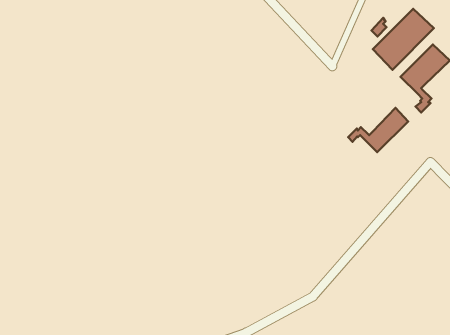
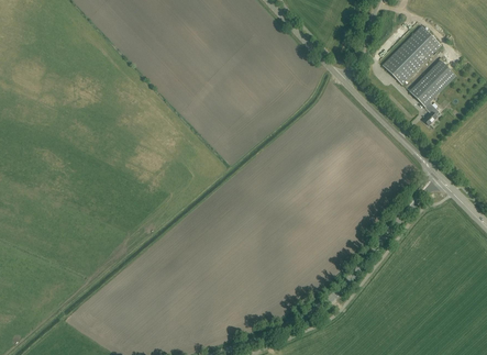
building: [348,108,408,152] -> none

